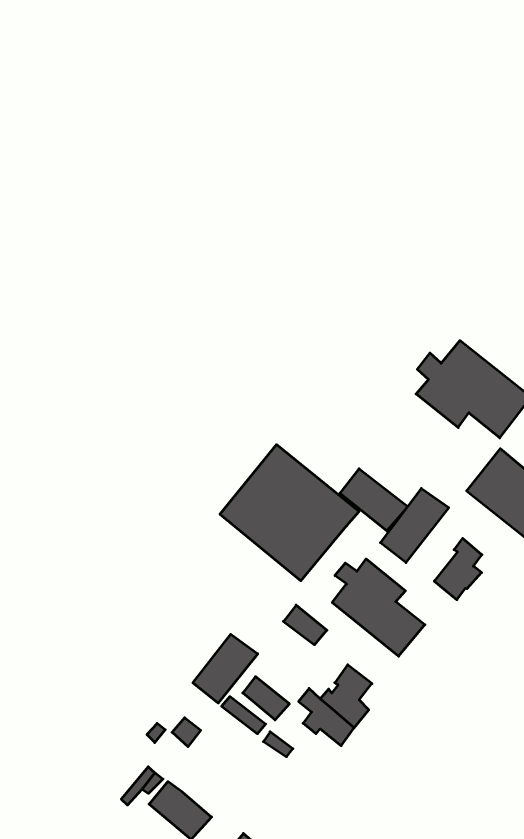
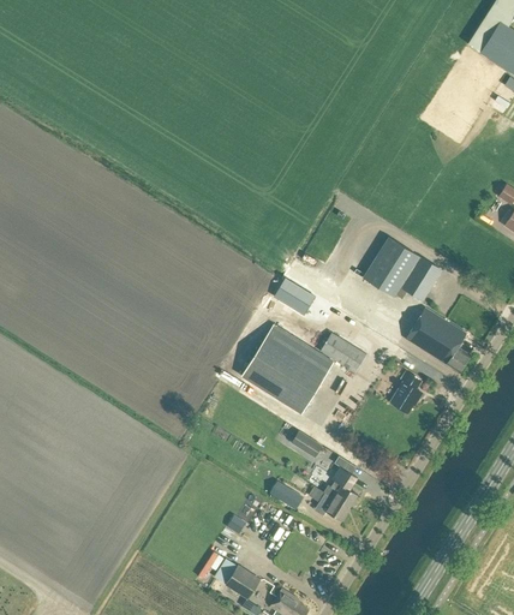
building: none -> [274,277,309,310]
building: [380,488,449,563] -> none
building: [332,559,425,656] -> none
building: [193,634,258,703] -> none

